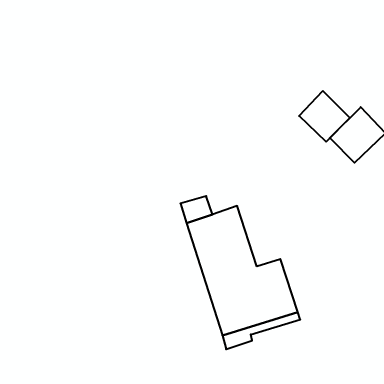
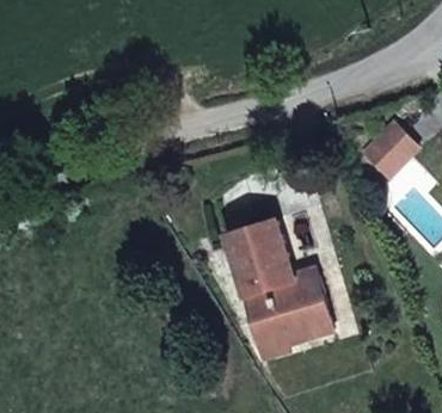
building: [299,91,350,142] -> none

